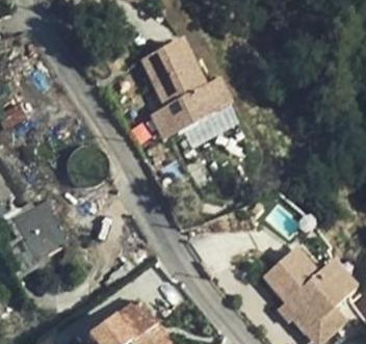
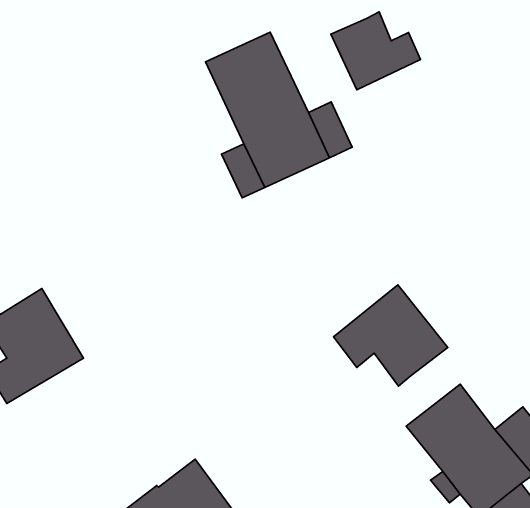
building: none -> [331,12,420,90]
building: none -> [333,285,448,386]

